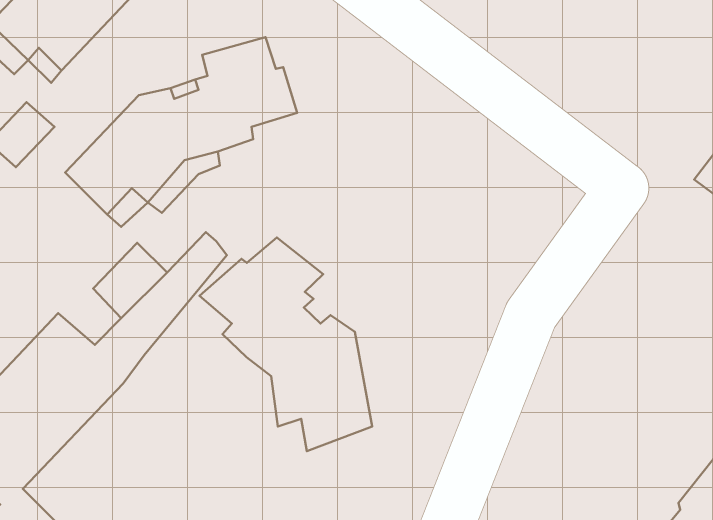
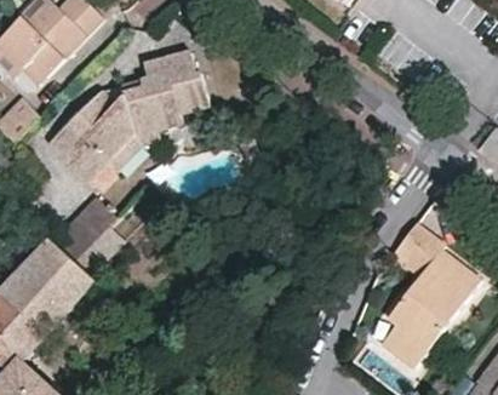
building: [199,237,372,451] -> none
building: none -> [380,230,477,372]

